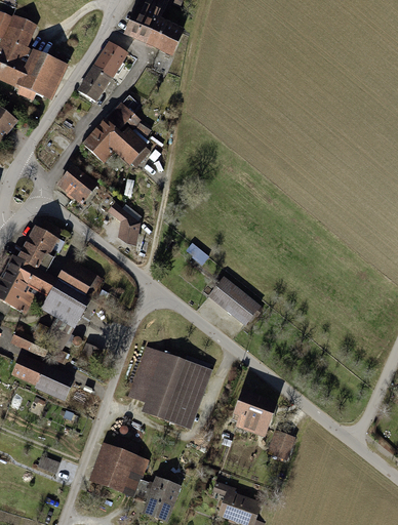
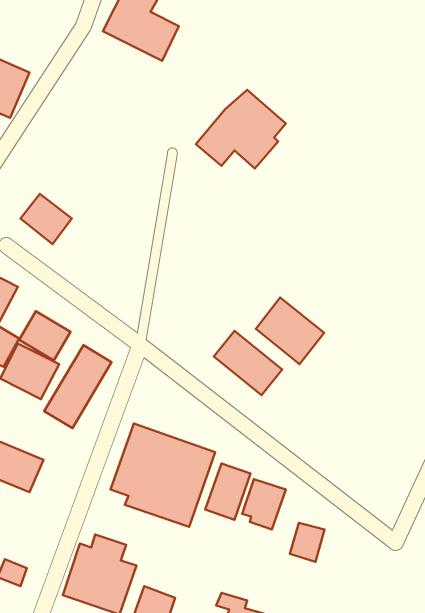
building: [77,40,127,100] -> none
building: [81,104,153,166] -> [196,90,286,169]
building: [108,202,141,246] -> none
building: none -> [256,297,324,364]
building: none -> [44,345,112,428]
building: none -> [205,463,251,520]

